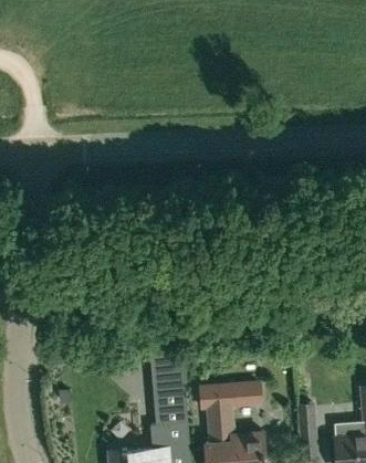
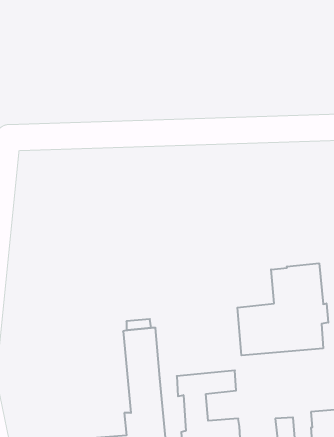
building: none -> [237,263,328,355]

